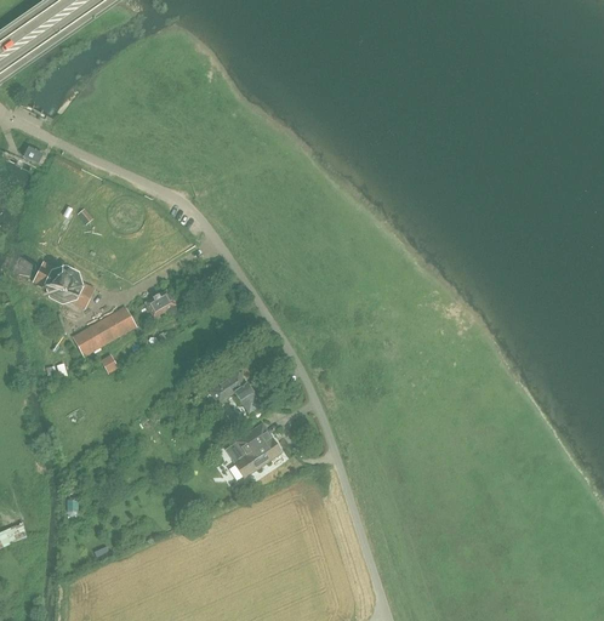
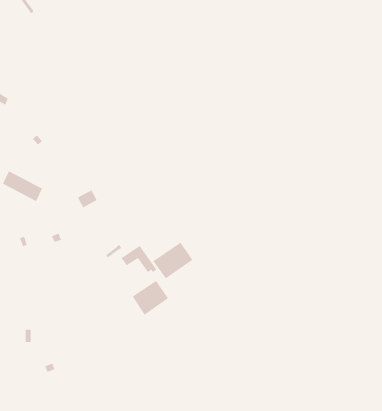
building: [72,306,137,358] -> none
building: none -> [153,242,193,279]

